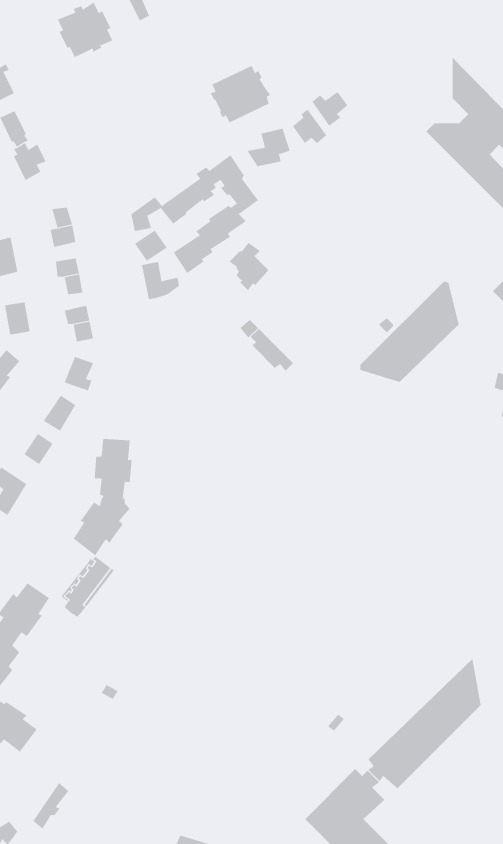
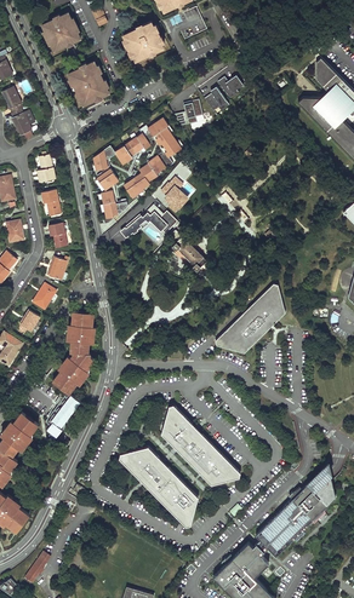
building: [210,65,271,123] -> [121,21,164,61]
building: none -> [68,61,108,104]
building: none -> [118,205,177,238]
building: [360,281,460,382] -> [215,282,284,352]
building: none -> [160,403,239,483]
building: none -> [118,445,196,525]

